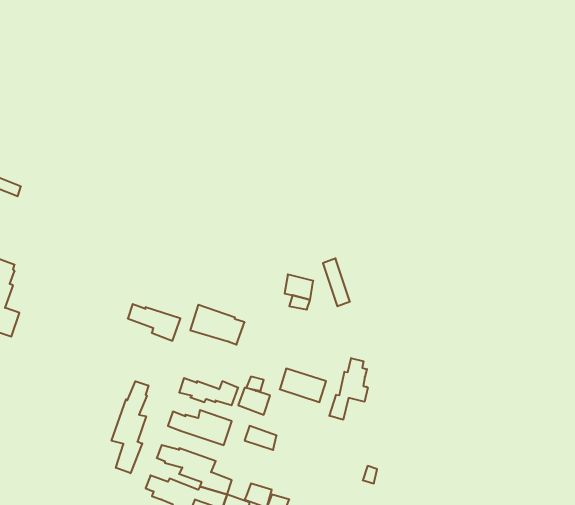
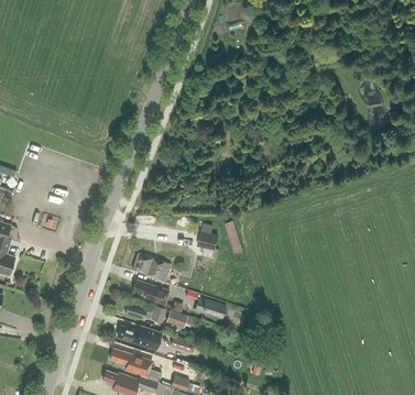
building: [128,304,180,341] -> [133,281,170,306]
building: [329,358,368,420] -> none
building: [112,381,148,473] -> none

